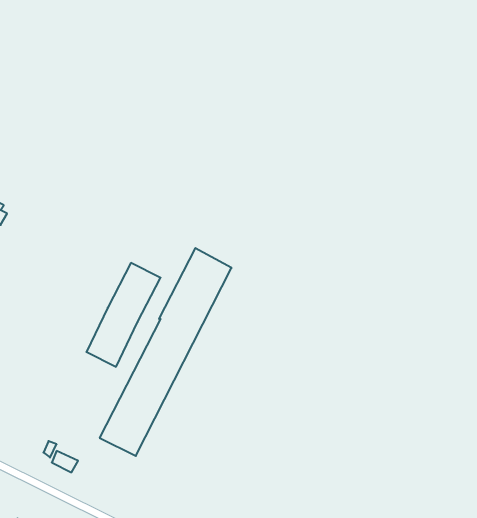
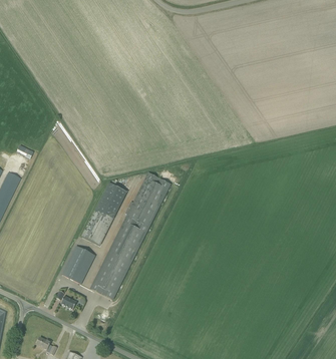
building: none -> [62,246,94,284]

